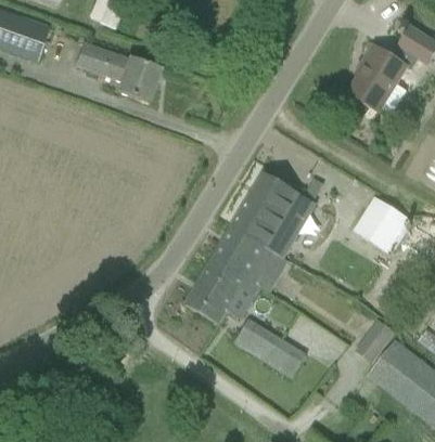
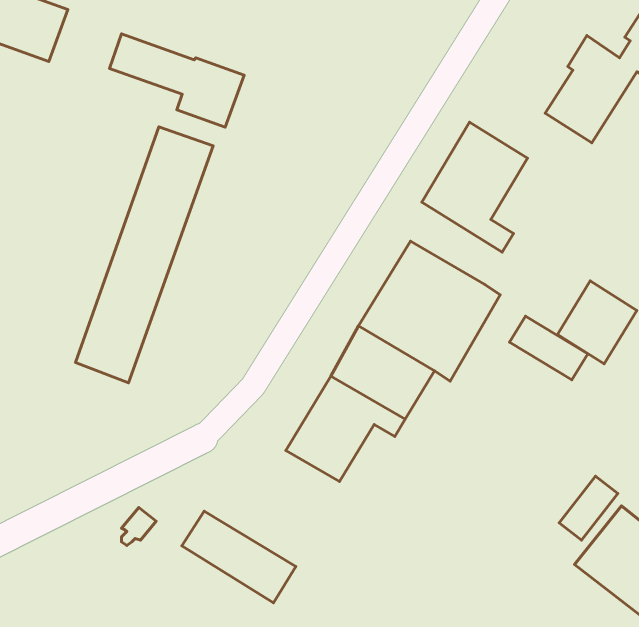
building: none -> [422,122,528,252]
building: none -> [75,127,213,383]
building: none -> [509,316,588,380]
building: [234,318,306,376] -> [182,511,296,603]

